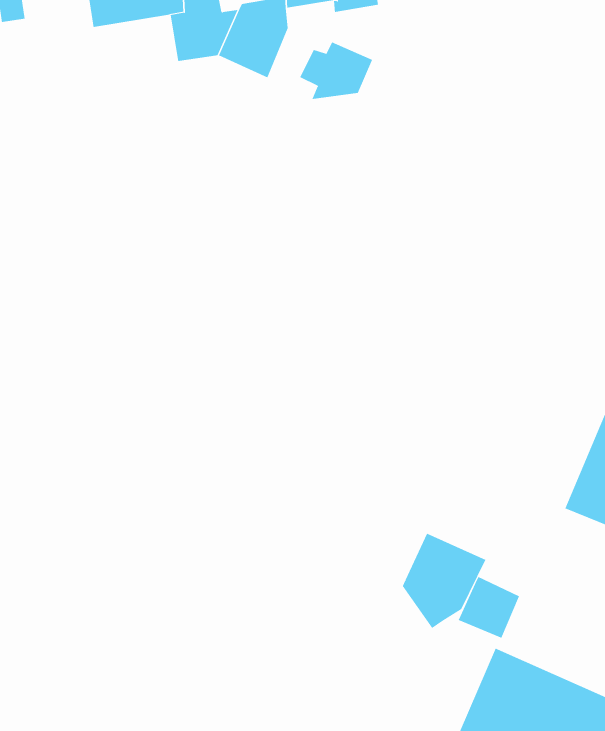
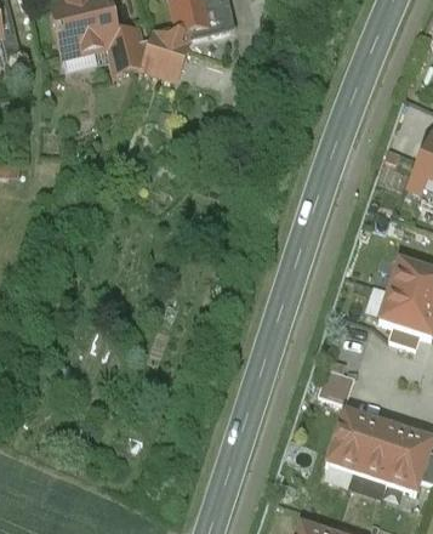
building: [300,41,373,100] -> none
building: [402,533,486,629] -> none

